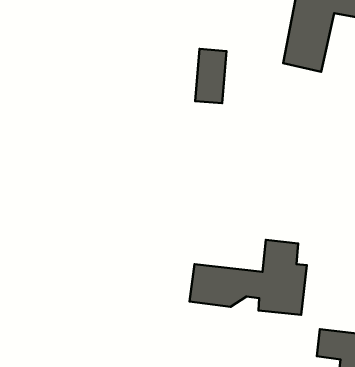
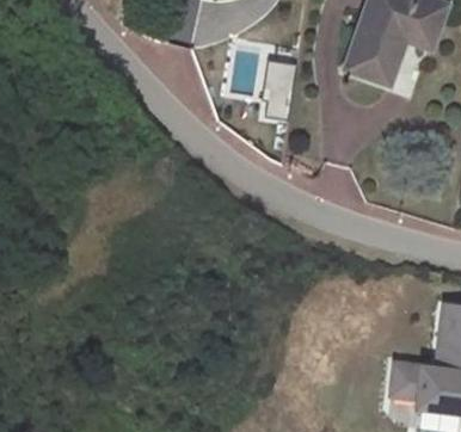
building: [189,240,307,315] -> none

